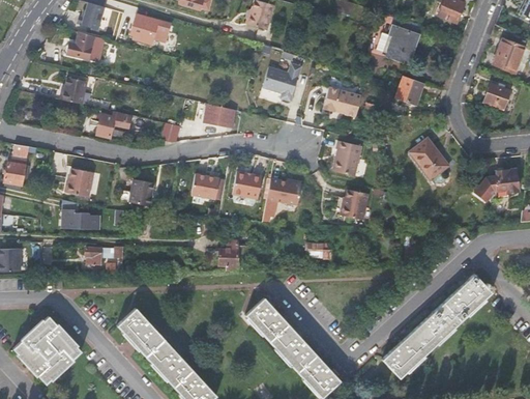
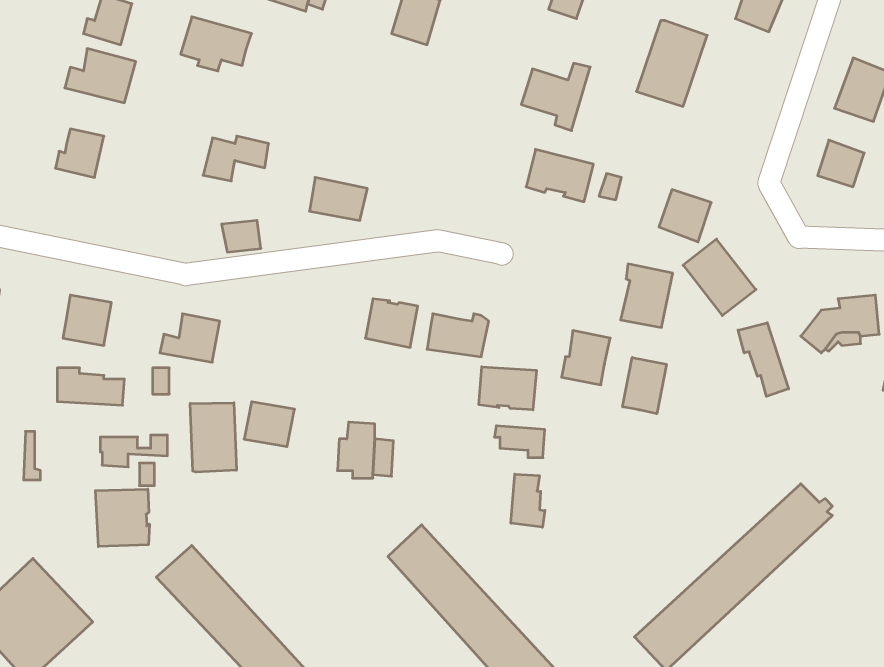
building: [262,64,300,102] -> [521,63,590,131]
building: [395,77,424,106] -> [659,190,711,242]
building: [95,111,131,136] -> [203,136,269,181]
building: [331,141,360,176] -> [621,264,673,327]
building: [190,173,218,198] -> [244,402,295,447]
building: none -> [738,323,789,396]
building: none -> [623,357,666,414]
building: none -> [479,367,536,410]
building: none -> [190,403,236,472]
building: none -> [511,474,545,527]
building: none -> [95,489,149,547]

